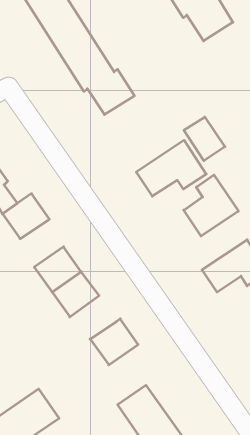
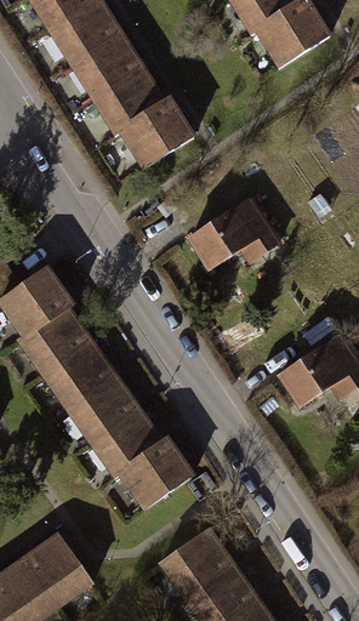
building: [184,117,225,161] -> none
building: [184,175,238,236] -> none
building: none -> [25,309,89,372]
building: none -> [97,411,161,474]

